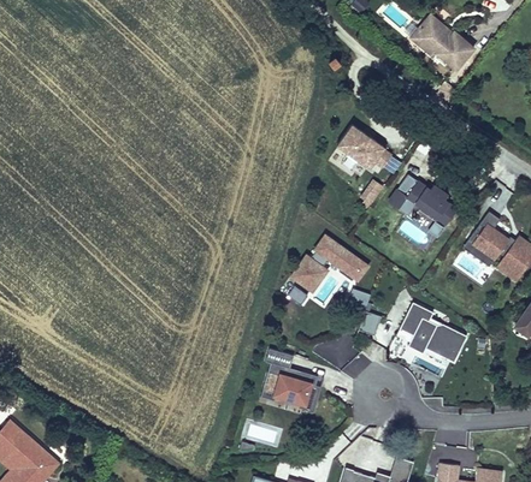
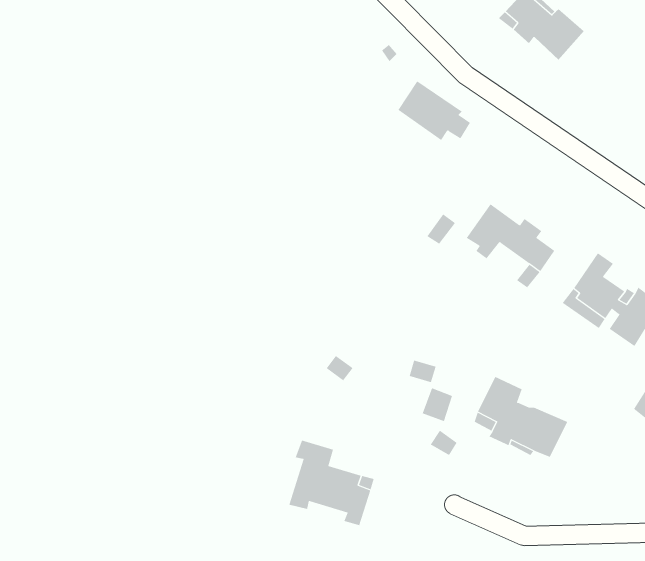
building: [337,124,391,168] -> [397,81,471,141]
building: [291,234,368,291] -> none

